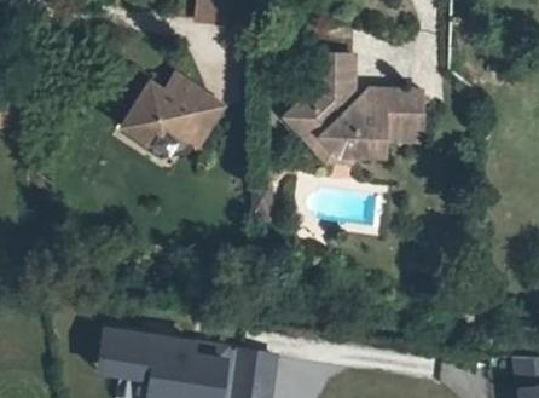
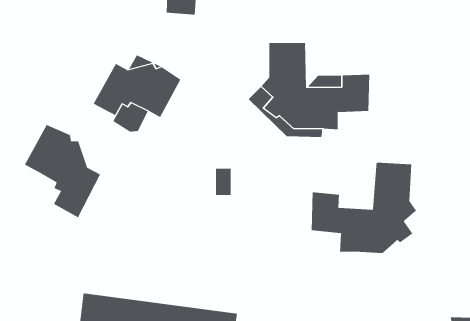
building: none -> [24,124,101,218]
building: none -> [311,162,417,254]

